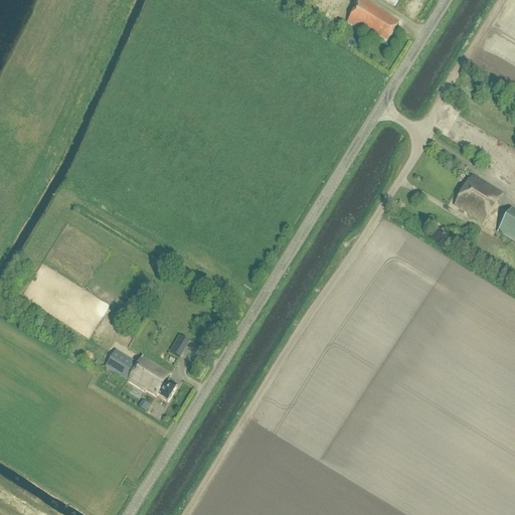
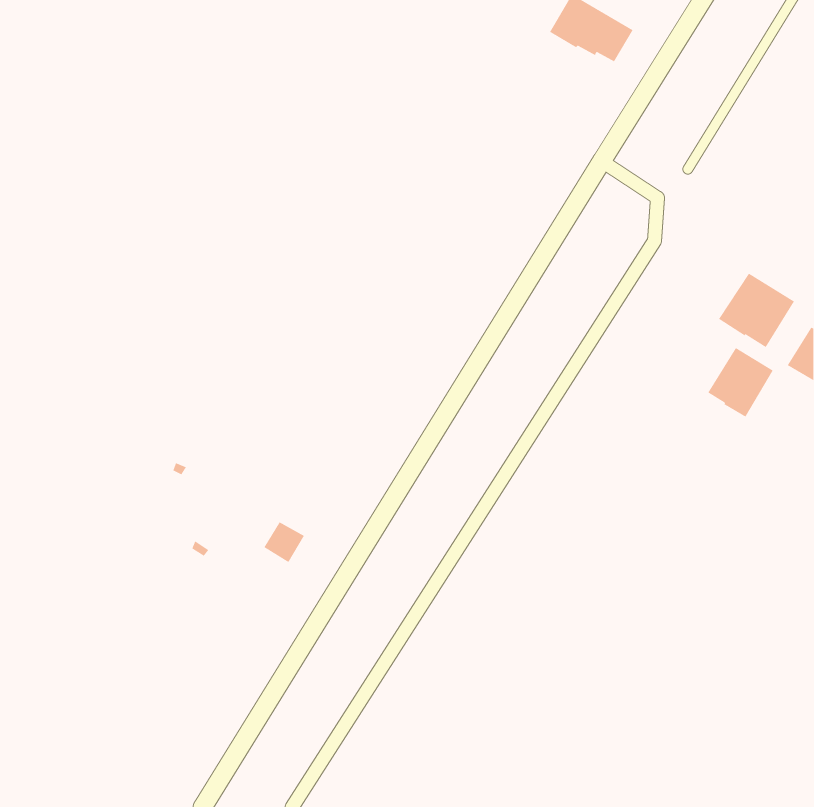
building: none -> [707,347,773,417]
building: [105,348,176,397] -> none

